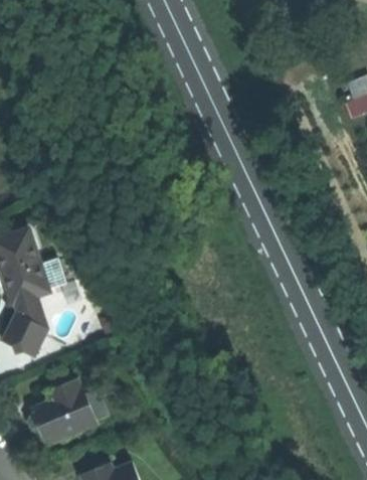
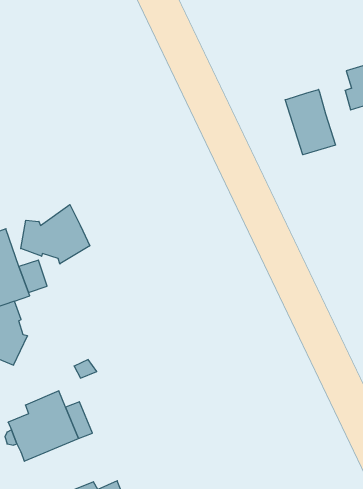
building: none -> [285,89,335,155]
building: none -> [21,205,90,264]

